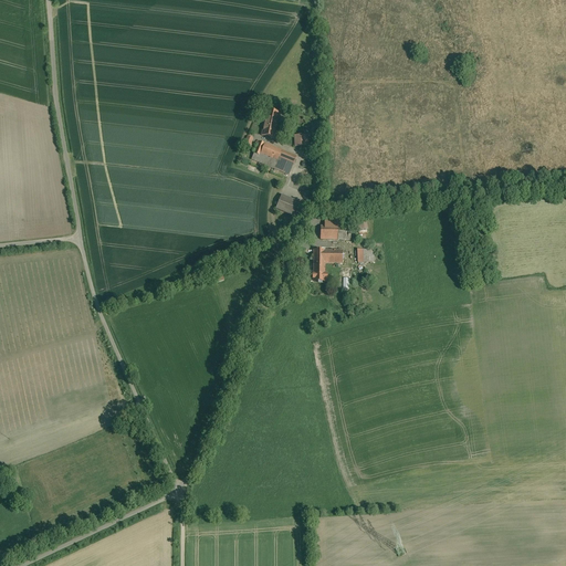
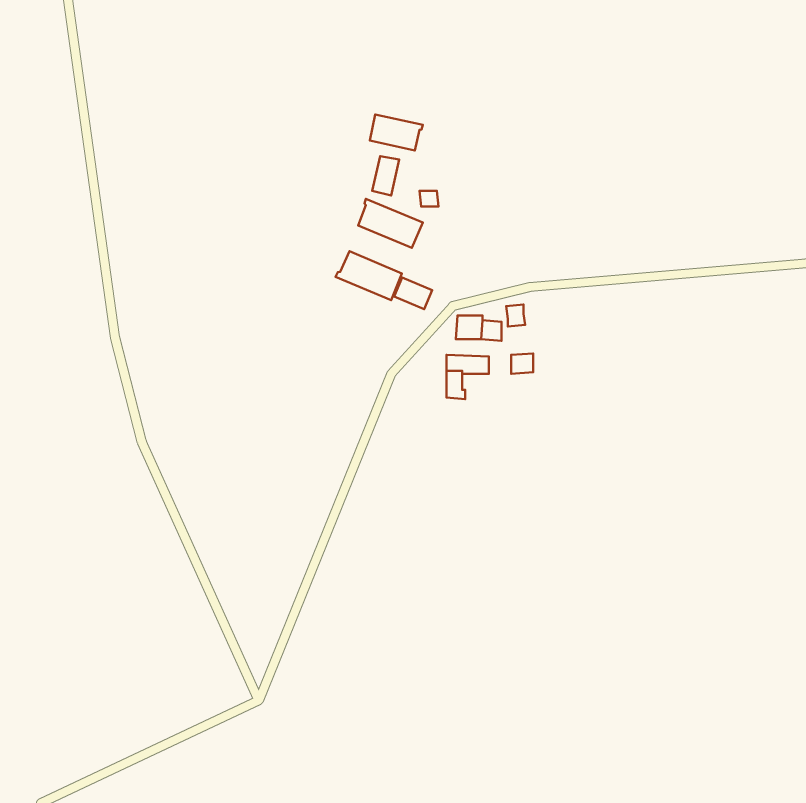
building: none -> [370,115,423,150]
building: none -> [336,251,402,300]

